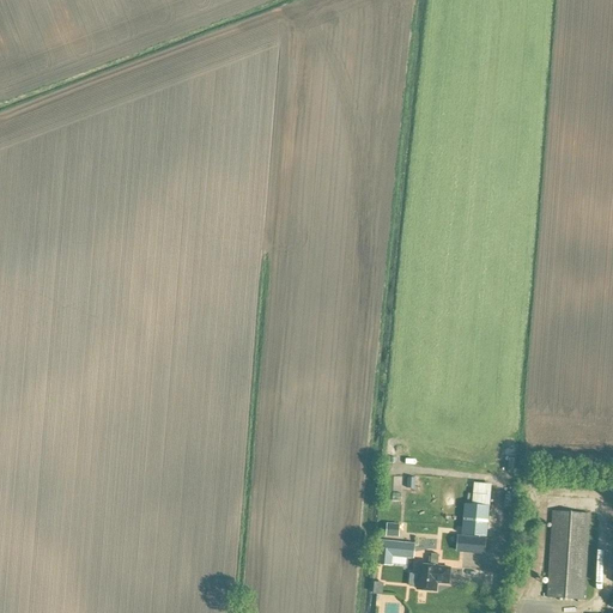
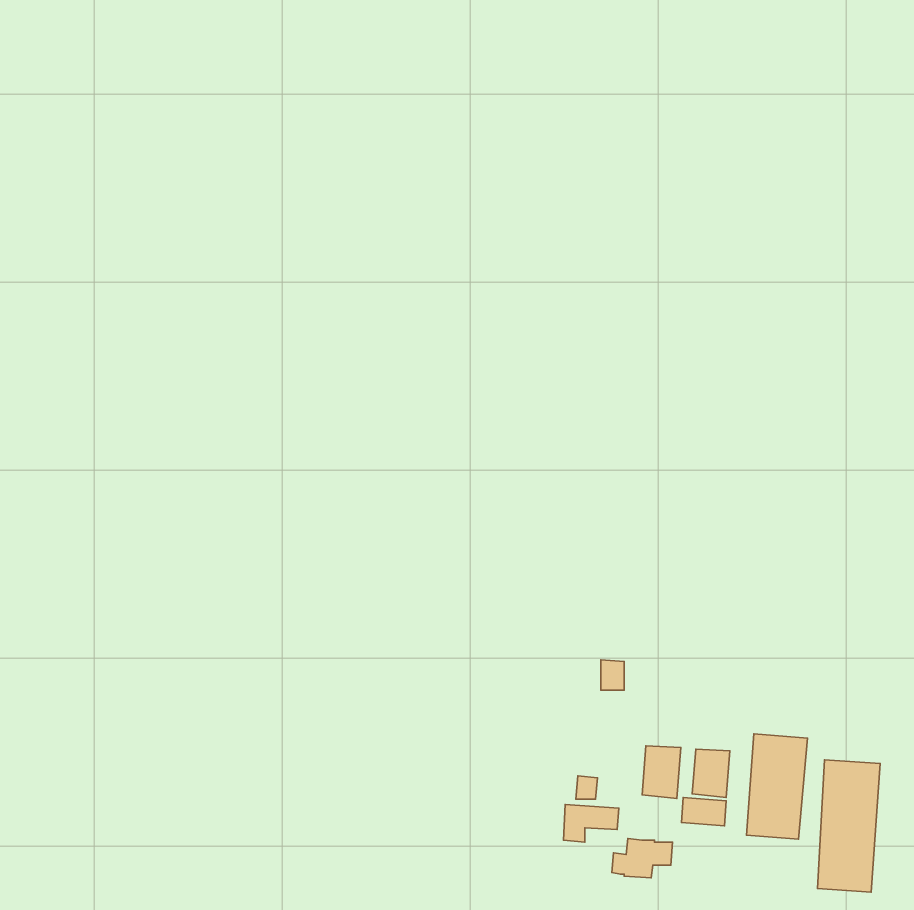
building: none -> [747,734,808,839]
building: none -> [642,746,681,799]

